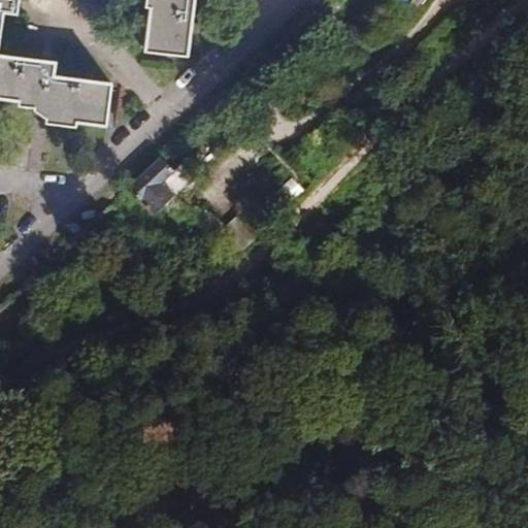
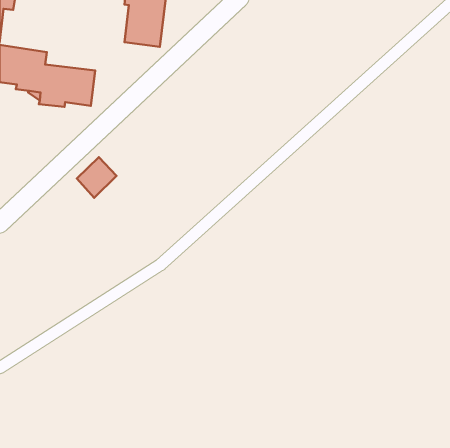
building: [134,162,180,209] -> [77,157,116,198]

